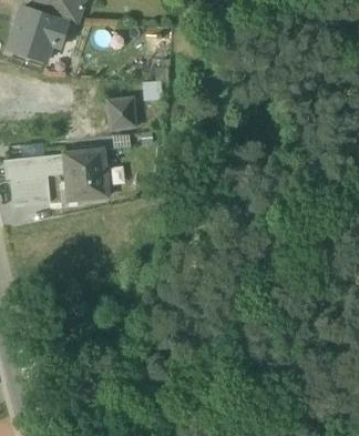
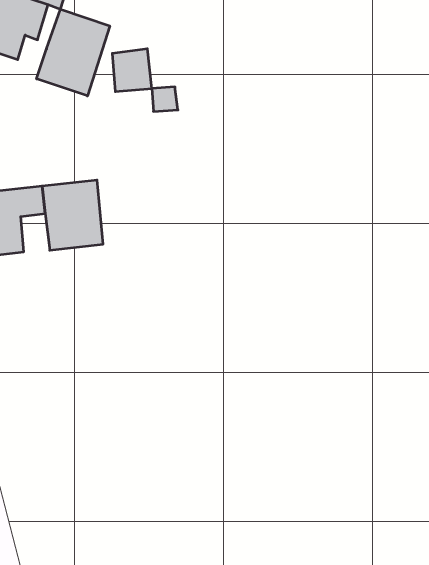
building: none -> [37,9,110,96]
building: [110,99,139,130] -> [112,49,152,92]

